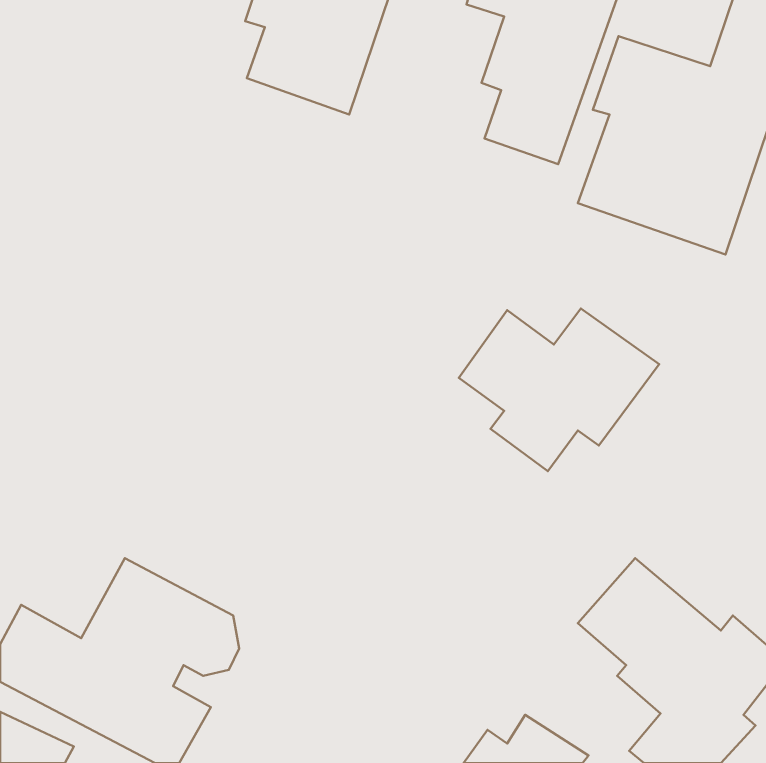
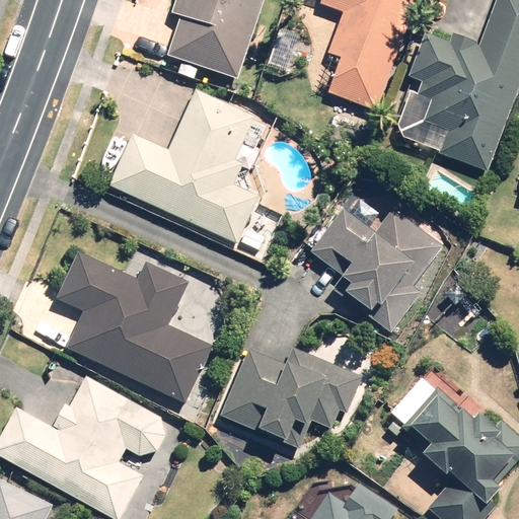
building: none -> [109,89,266,251]
building: none -> [56,253,212,402]
building: none -> [215,344,362,442]

